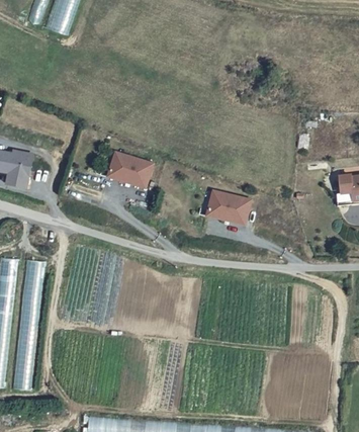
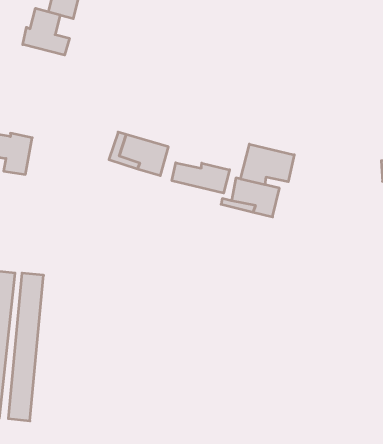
building: none -> [23,8,69,55]
building: none -> [241,144,294,185]
building: none -> [172,163,230,193]

